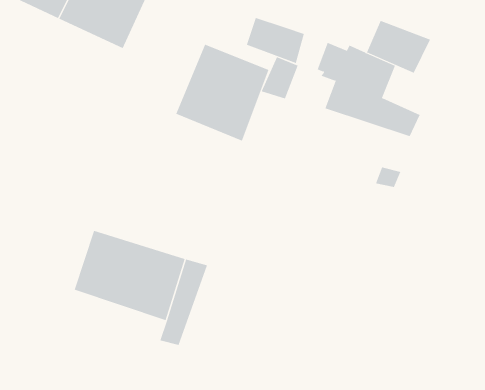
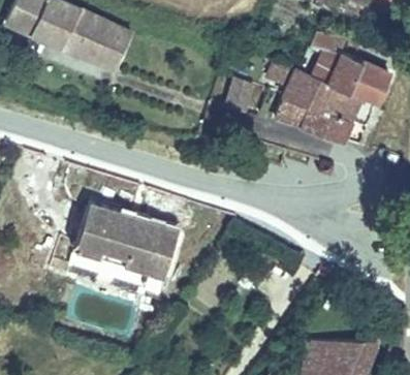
building: [246,17,304,64] -> none
building: none -> [320,63,389,123]
building: [176,44,269,142] -> none

